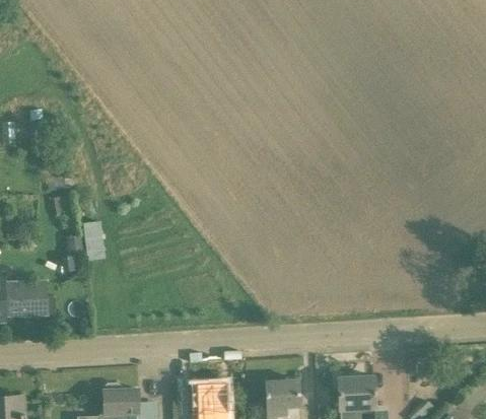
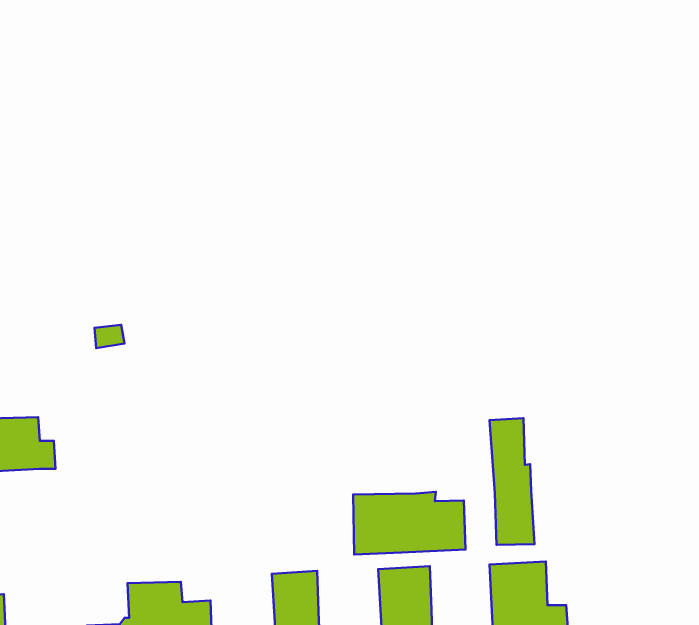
building: none -> [490,418,534,545]
building: none -> [353,492,466,554]

